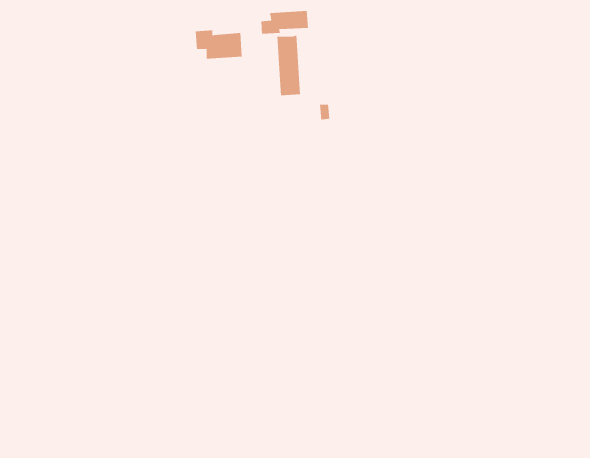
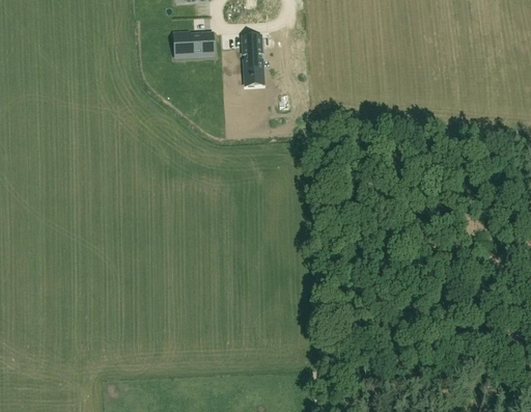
building: [261,10,309,35] -> none

